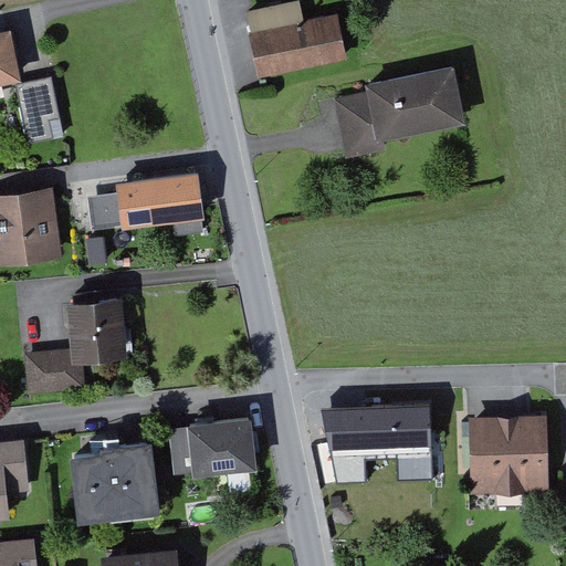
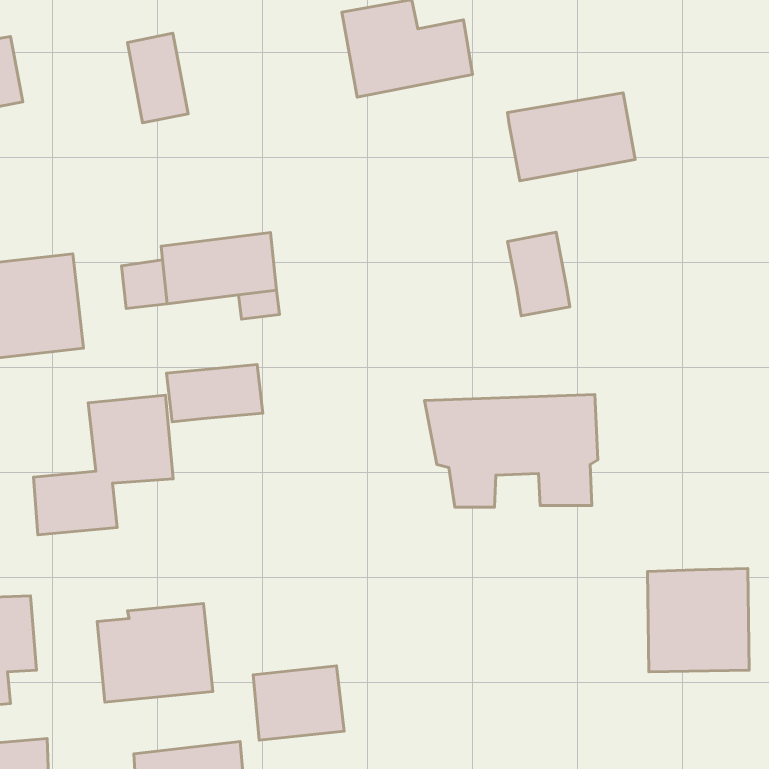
building: [18,81,62,146] -> [127,33,188,123]
building: [335,96,380,157] -> [507,232,570,316]
building: none -> [166,365,263,422]
building: [312,402,438,484] -> [425,395,598,507]
building: [187,421,253,475] -> [253,666,344,740]

